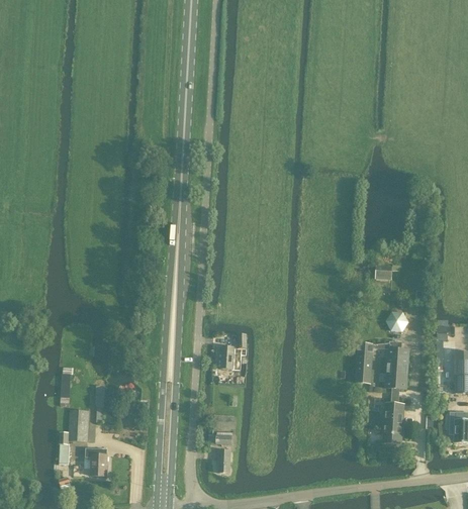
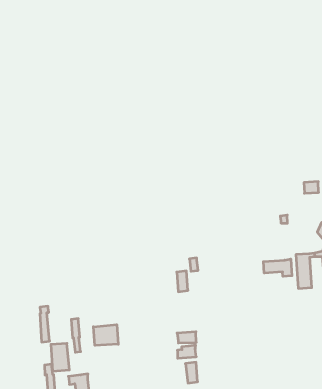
building: none -> [263,259,292,276]
building: none -> [93,325,118,345]

